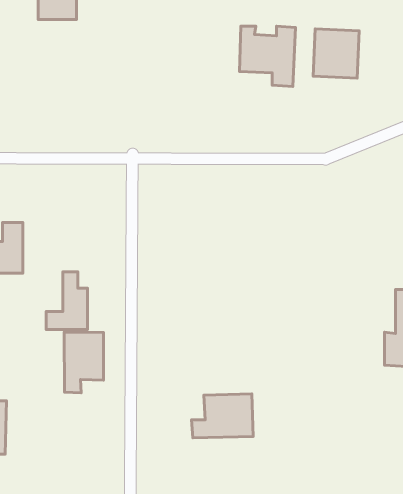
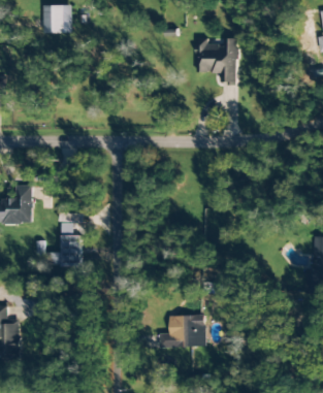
building: [313,29,359,78] -> none
building: [64,332,103,393] -> none

